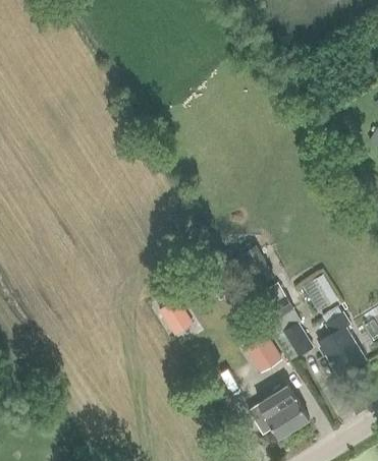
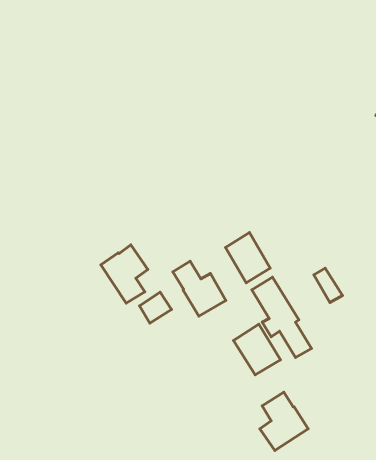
building: none -> [101,245,148,303]
building: none -> [173,261,226,316]
building: [318,307,364,373] -> none

